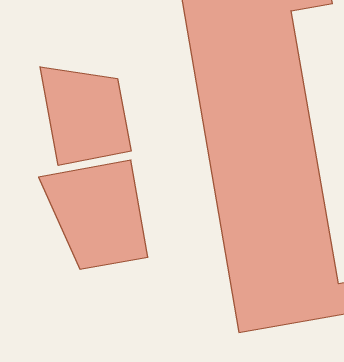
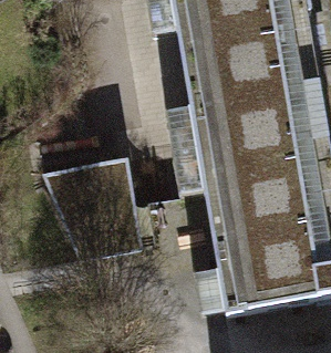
building: [40,67,131,165] -> none

